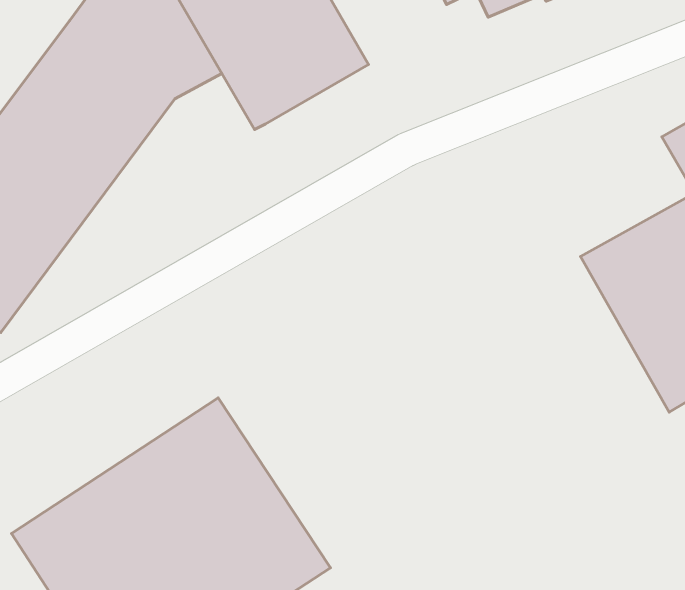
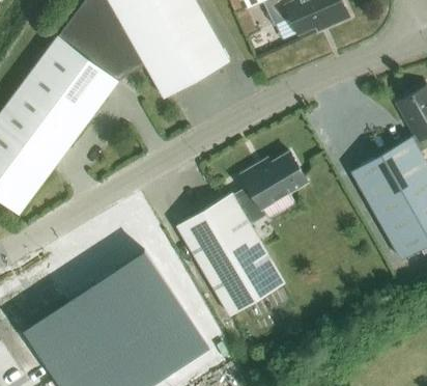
building: none -> [176,154,307,316]

